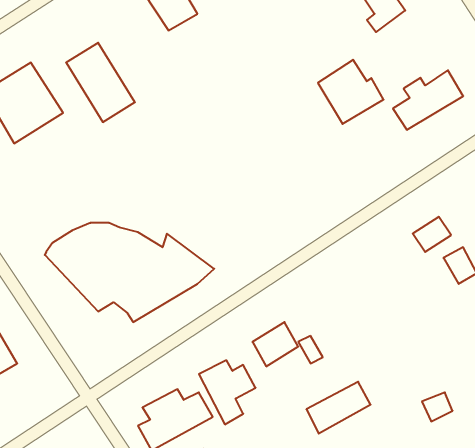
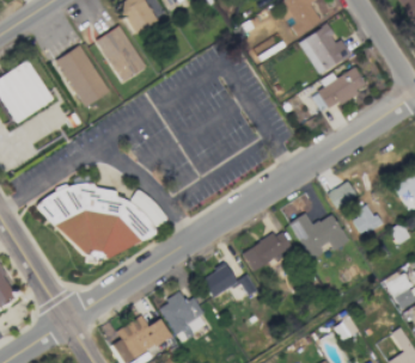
building: none -> [94,25,146,82]
building: [318,60,384,124] -> [299,24,350,74]
building: none -> [288,213,349,258]
building: [306,382,371,434] -> [242,229,292,270]

